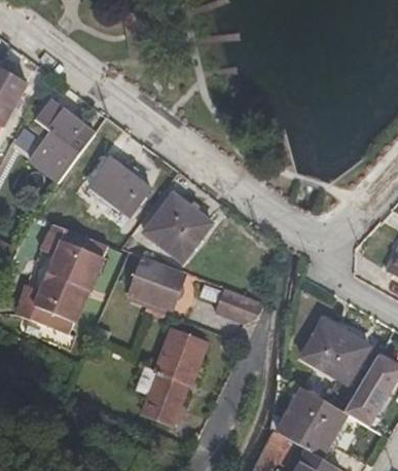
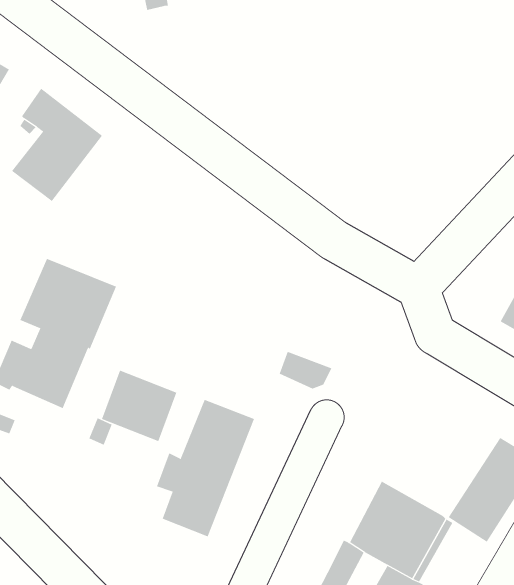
building: [88,158,149,216] -> none
building: [143,192,212,262] -> none
building: [129,257,184,310] -> [101,370,177,442]
building: [299,318,369,384] -> none

